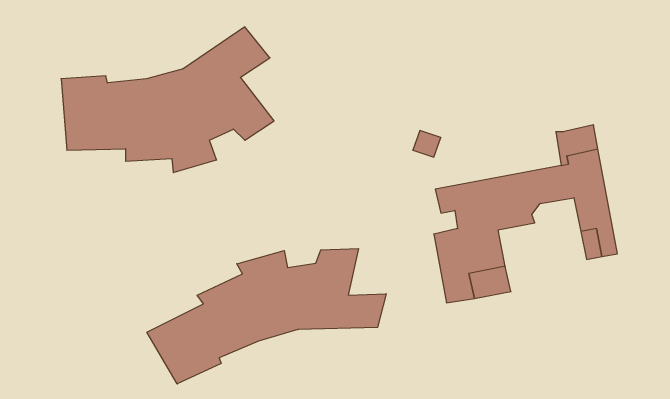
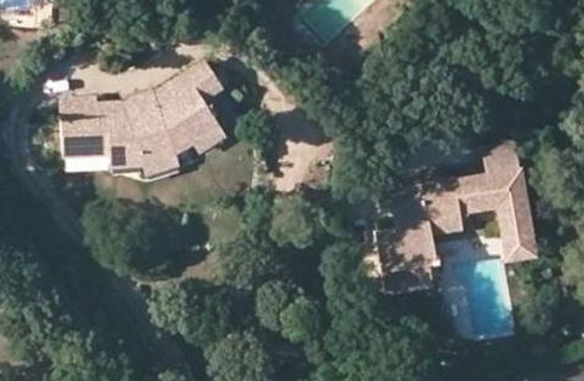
building: [147,249,386,384] -> none

